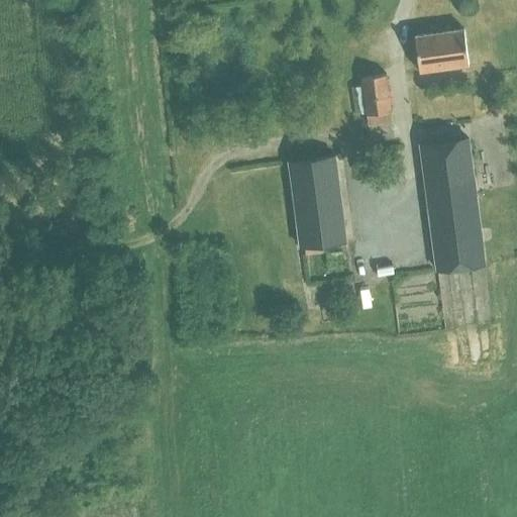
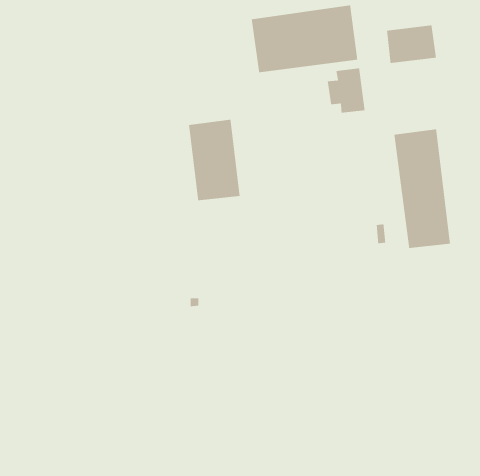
building: none -> [251,4,358,73]
building: [288,157,344,245] -> [188,119,241,201]

